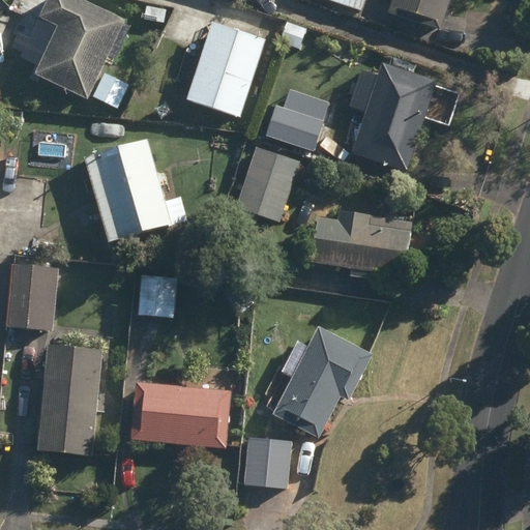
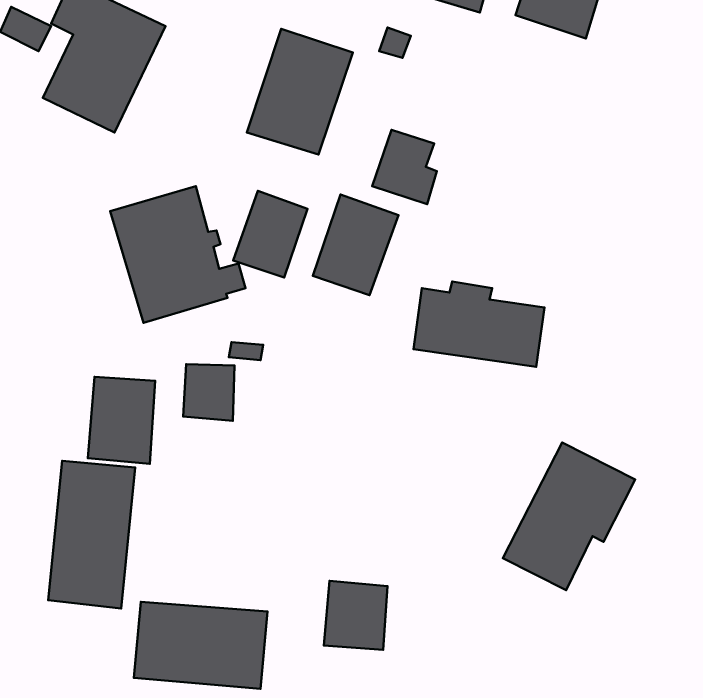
building: [352,63,436,170] -> none
building: none -> [233,191,307,277]
building: [6,264,57,329] -> [88,377,155,464]
building: [272,326,372,437] -> [503,442,635,590]
building: [130,382,231,447] -> [134,602,268,689]

